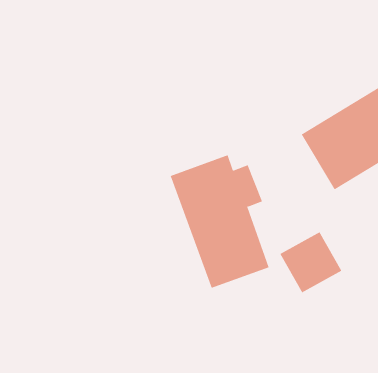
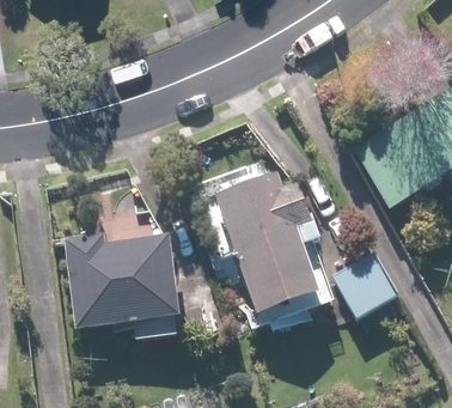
building: none -> [65,233,181,330]

